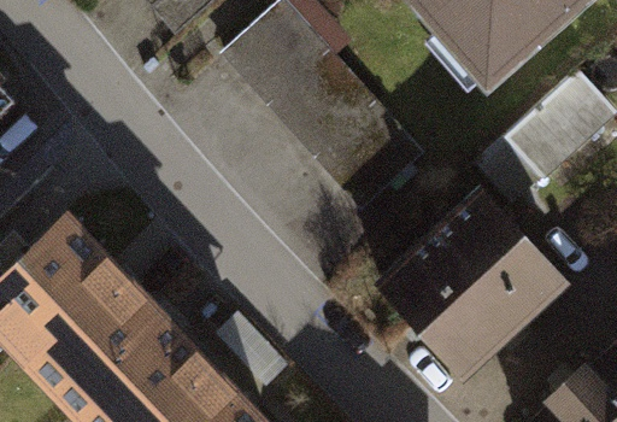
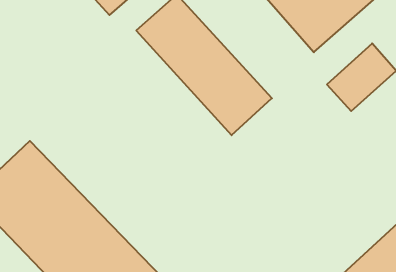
building: [382,192,564,373] -> none

